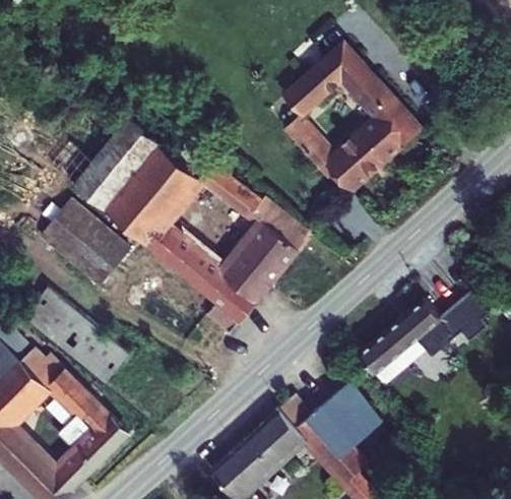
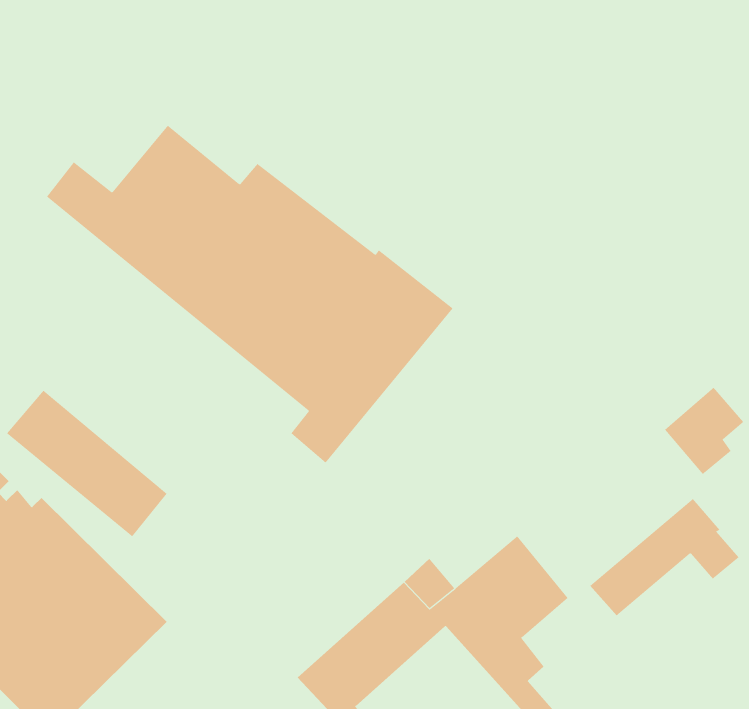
building: [267,45,420,188] -> none
building: [42,202,129,286] -> none
building: [358,300,453,375] -> [589,498,740,616]

